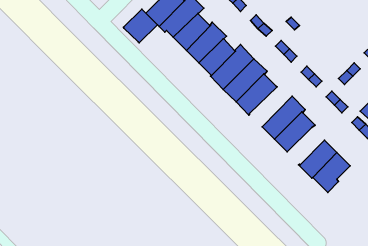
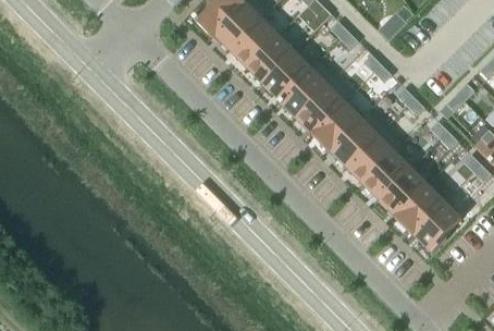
building: [124,9,157,43] -> none
building: none -> [330,110,385,168]
building: none -> [379,169,428,218]

